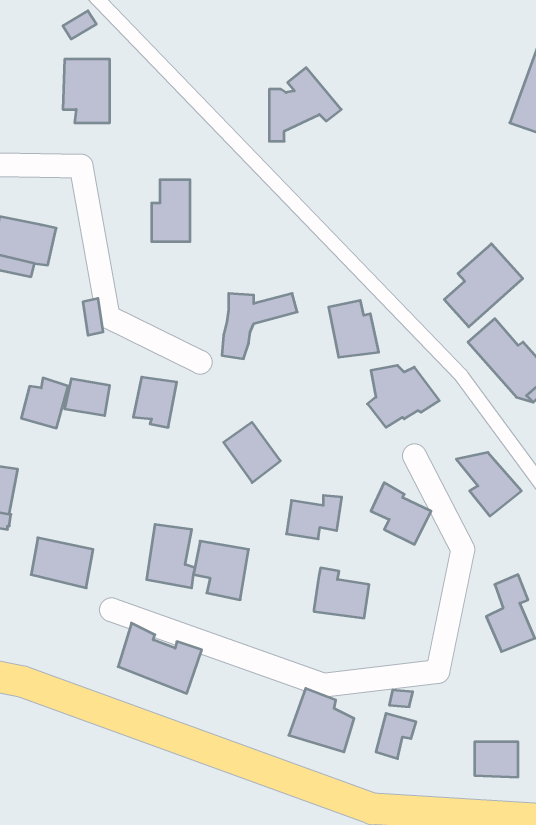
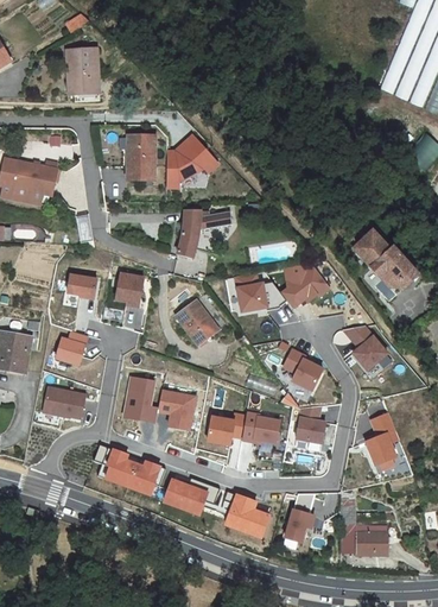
building: [269,68,341,141] -> [167,131,218,183]
building: [444,244,523,327] -> none
building: [329,300,379,357] -> [234,272,269,312]
building: [21,378,68,428] -> [55,330,88,366]
building: [286,495,342,539] -> [207,412,246,443]
building: none -> [296,405,326,443]
building: none -> [161,478,210,516]

